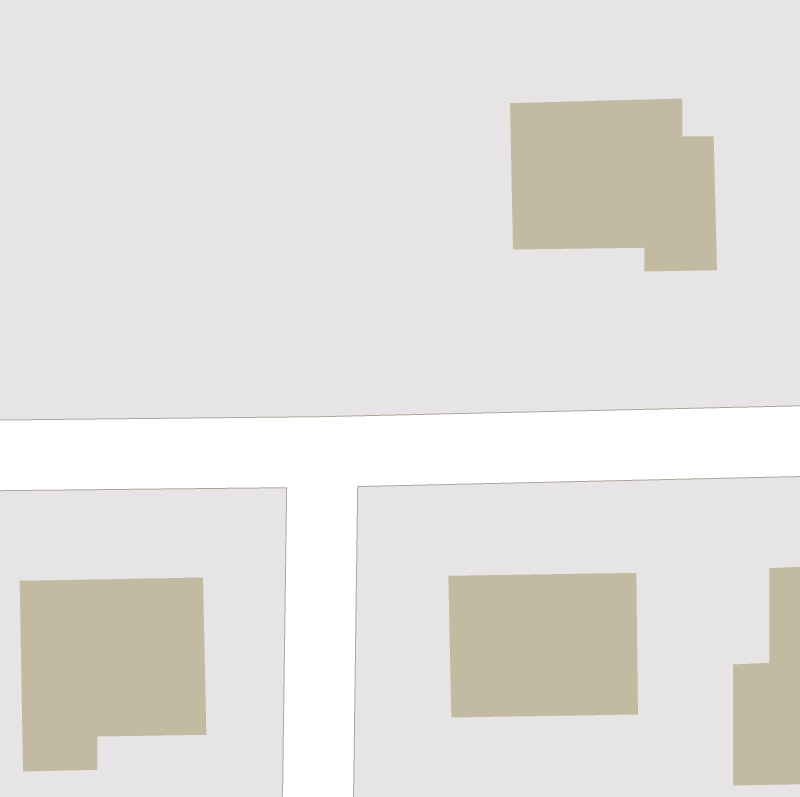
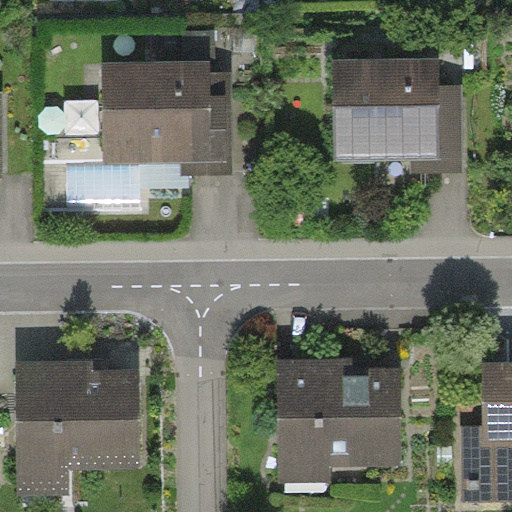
building: none -> [97,62,229,172]

